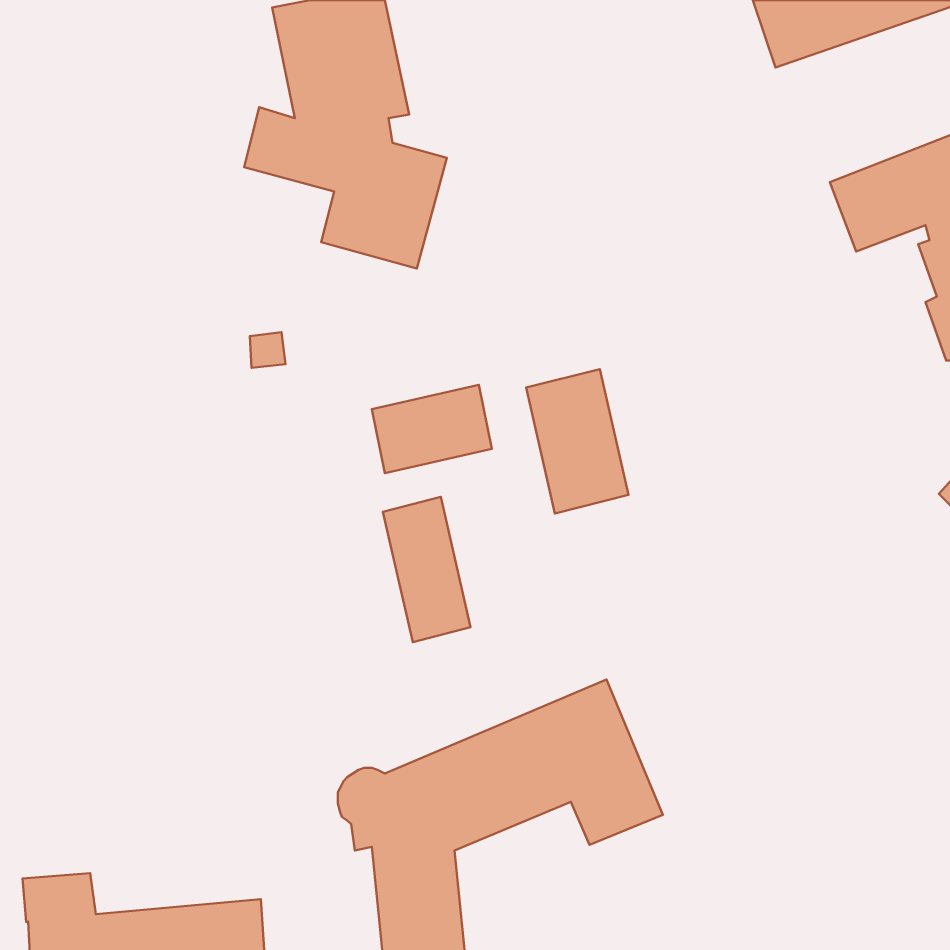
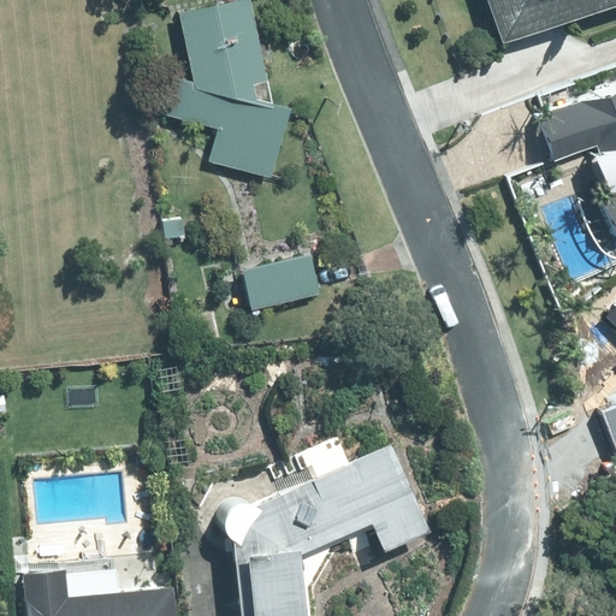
building: [526,369,628,513] -> none
building: [383,497,470,642] -> none

